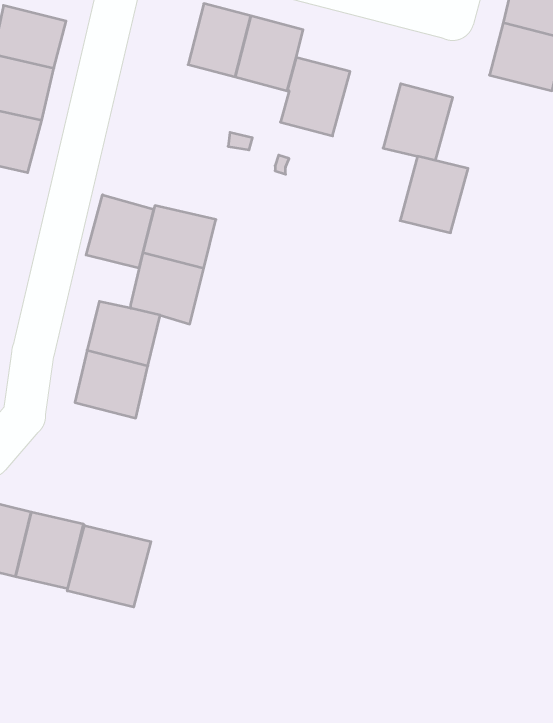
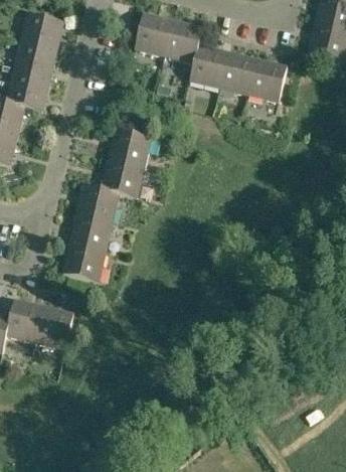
building: [400,156,468,233] -> [217,51,256,96]
building: [86,195,153,268] -> none
building: none -> [61,243,104,282]
building: [67,525,151,607] -> none

